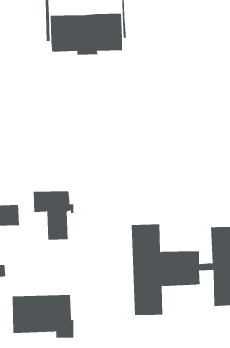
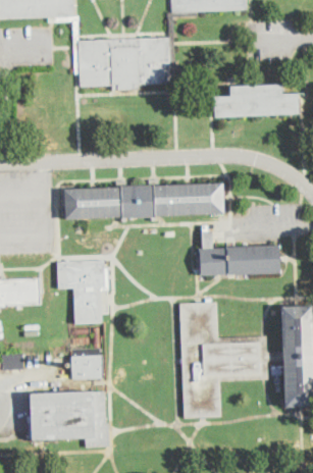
building: none -> [214,86,299,118]
building: none -> [63,183,223,220]
building: none -> [199,231,279,276]
building: none -> [70,355,103,379]

